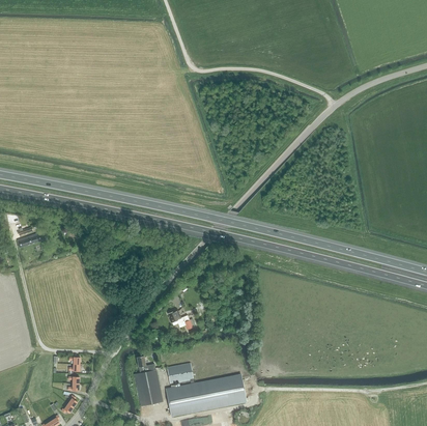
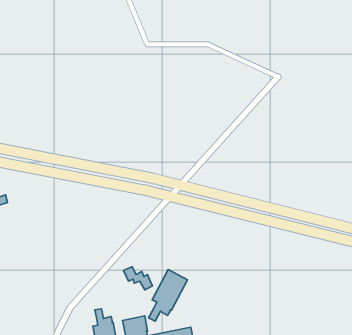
building: none -> [149,270,188,321]

